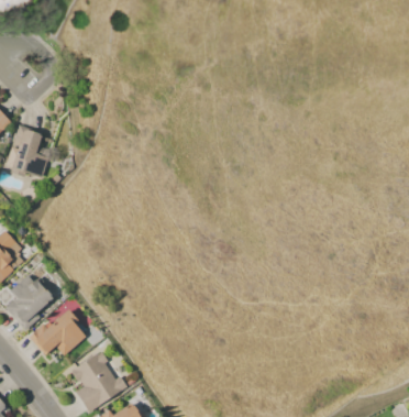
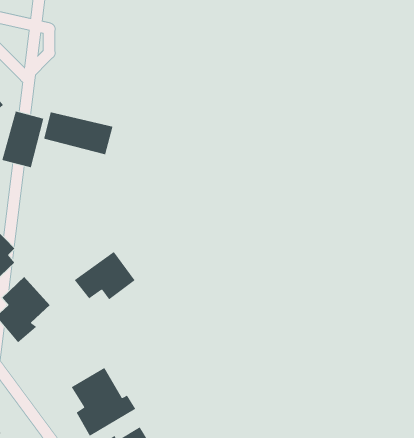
building: none -> [44,111,113,155]
building: [31,311,85,354] -> [74,251,135,300]

